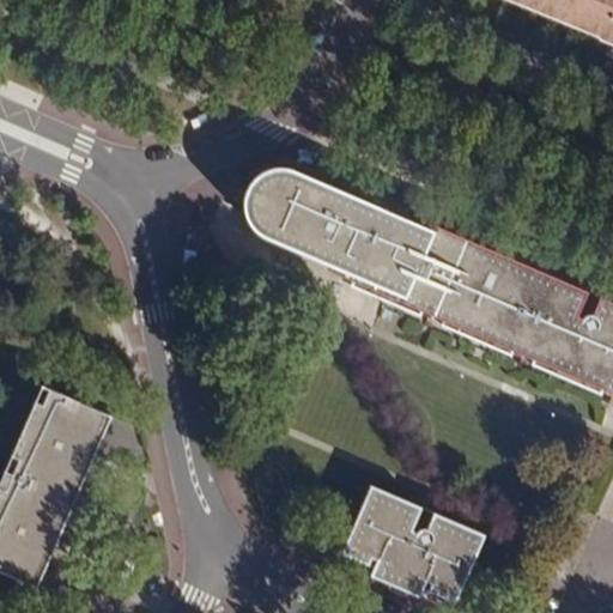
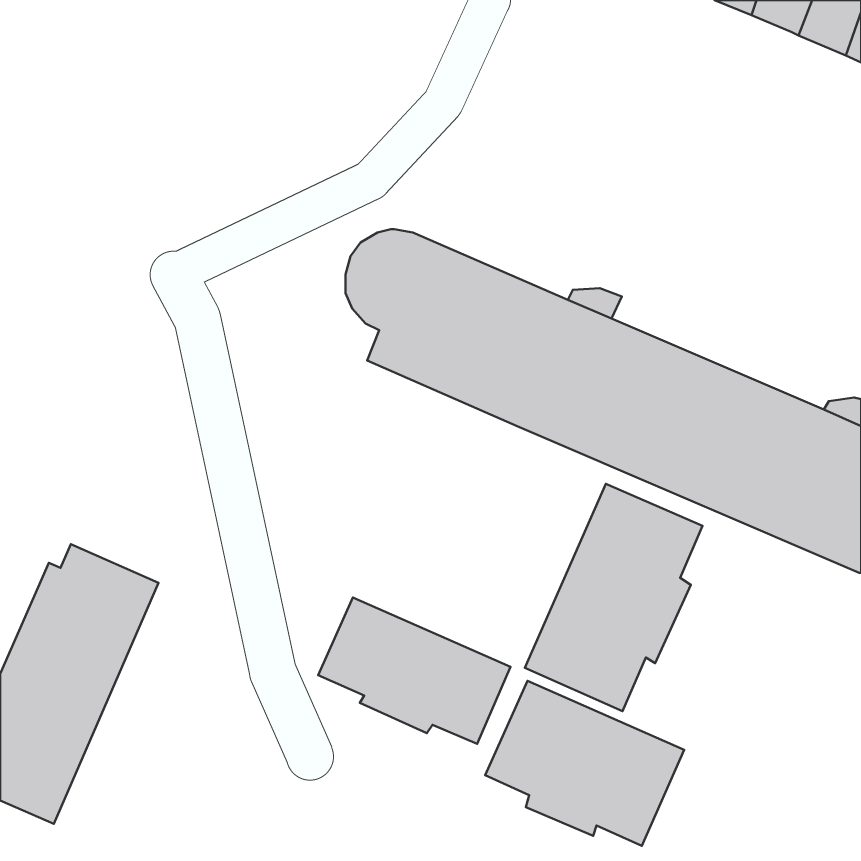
building: none -> [525,484,702,711]
building: none -> [318,597,511,744]

